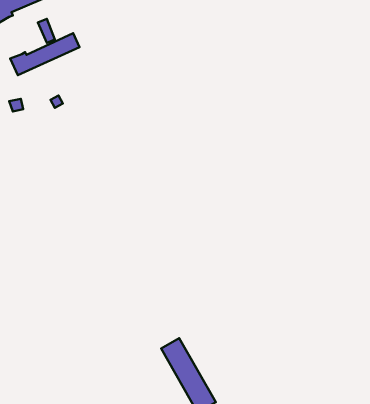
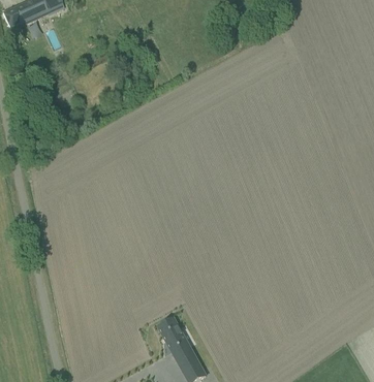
building: [10,33,79,75] -> none

